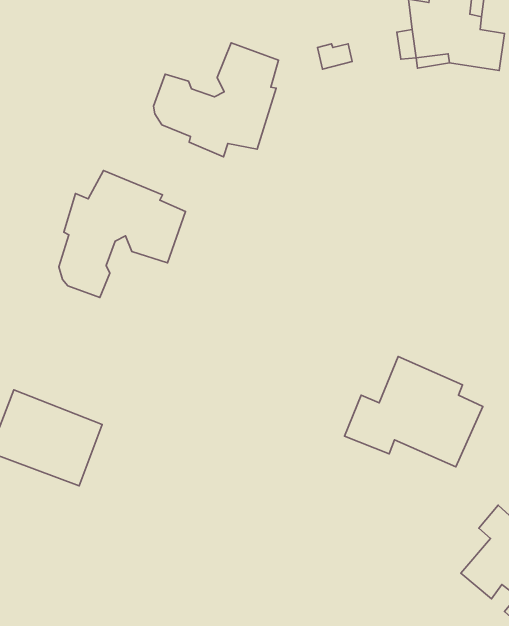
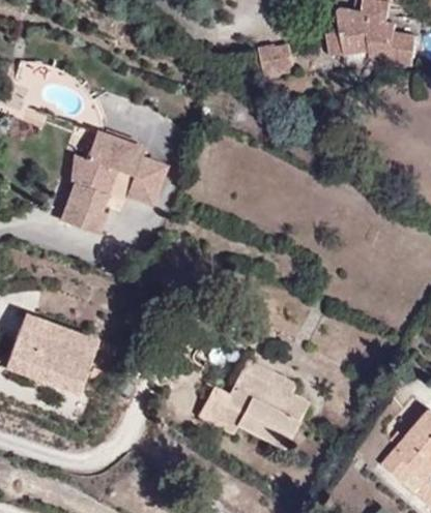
building: [154,43,278,157] -> none
building: [345,357,483,467] -> [192,354,304,443]

